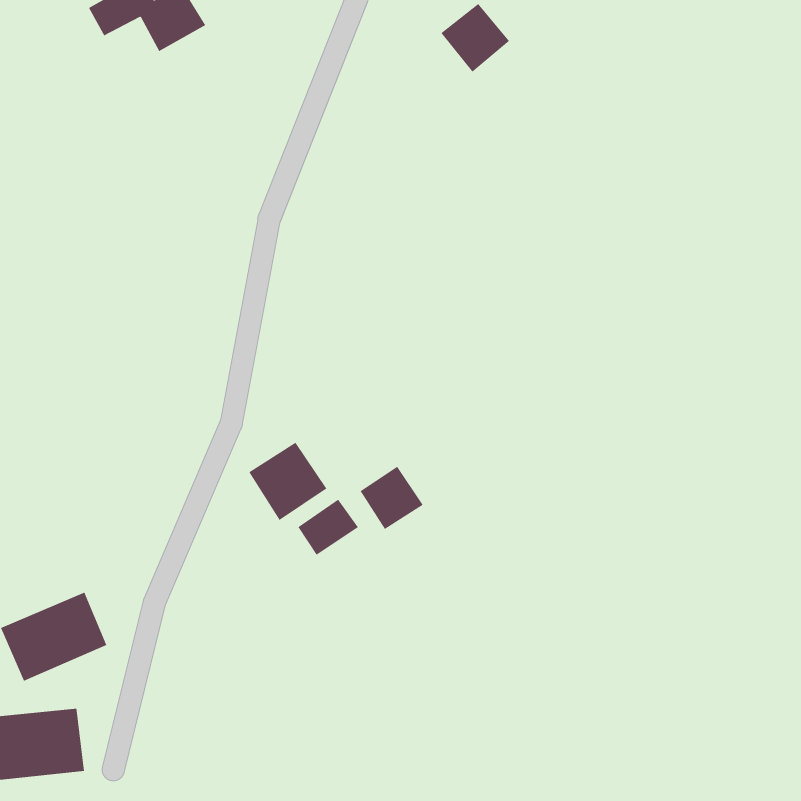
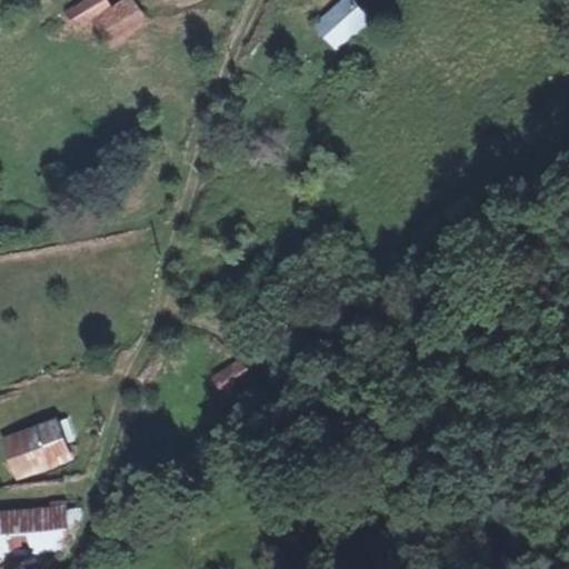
building: [248,442,327,521] -> none
building: [360,466,423,530] -> none

